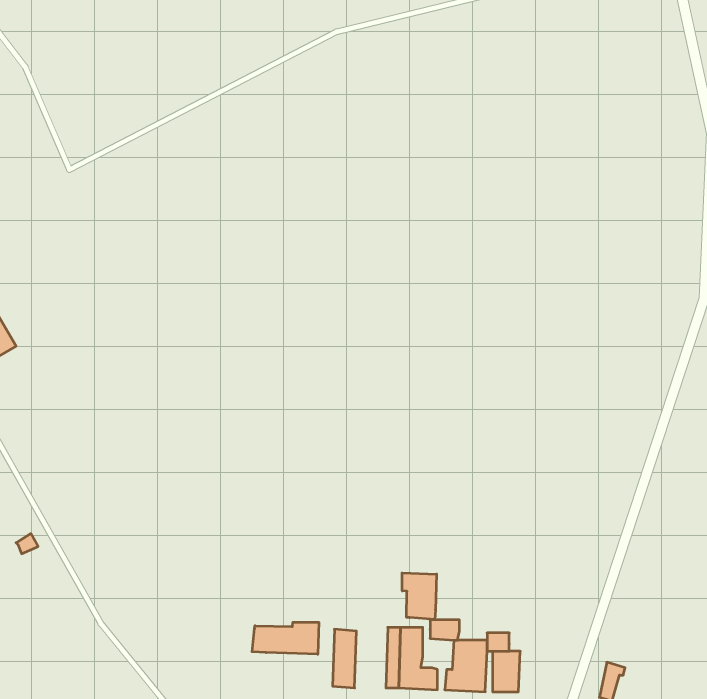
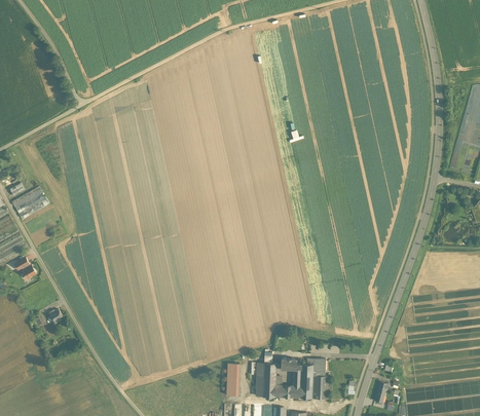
building: [402,573,437,620] -> none
building: [252,622,319,654] -> none

